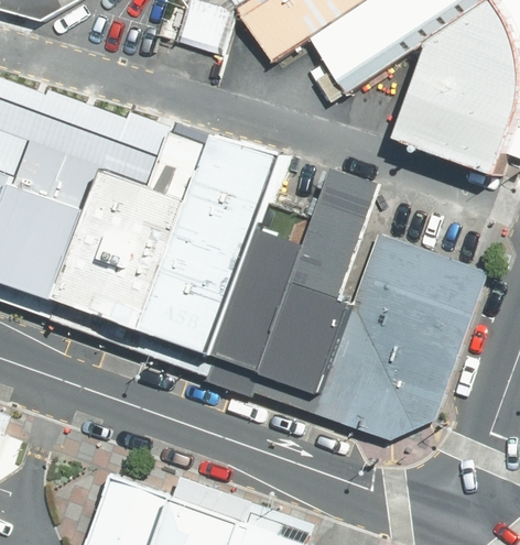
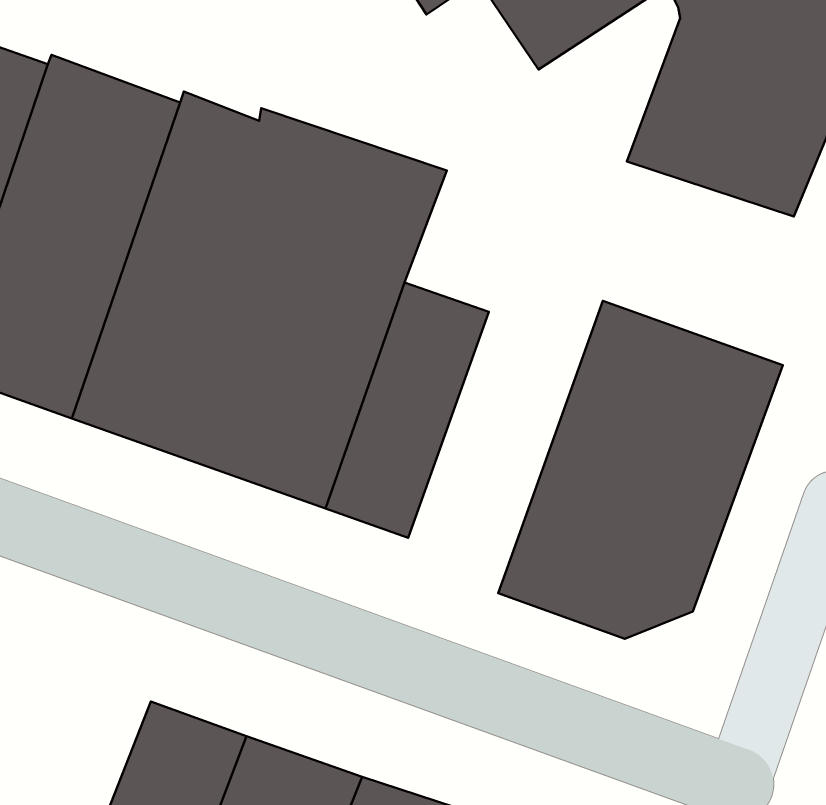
building: [261,172,392,397] -> none

